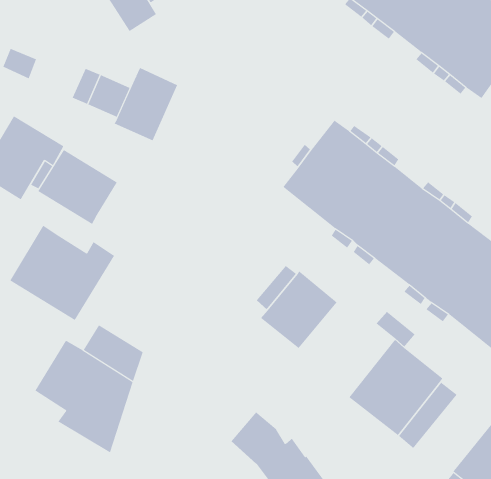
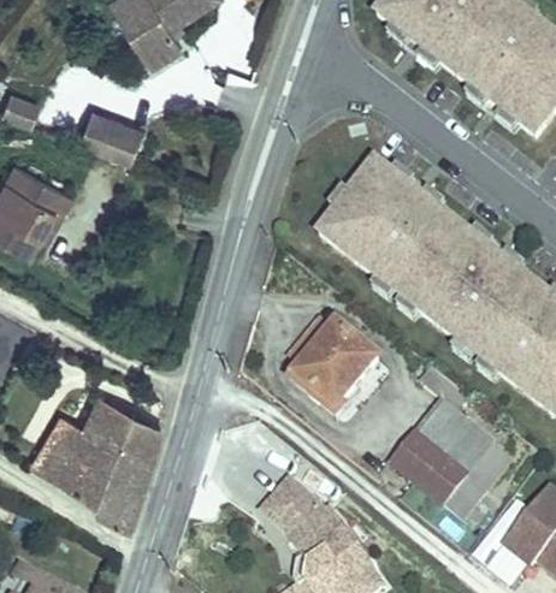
building: [114,67,178,141] -> none
building: [37,149,117,225] -> none
building: [9,225,115,321] -> none

